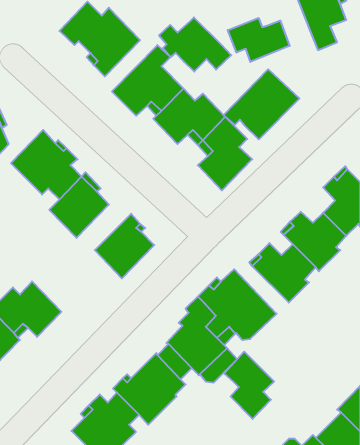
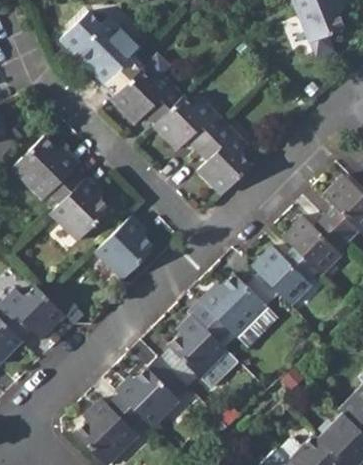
building: [159,17,231,72] -> none
building: [228,18,290,62] -> none
building: [224,69,299,139] -> none
building: [224,352,274,419] -> none

